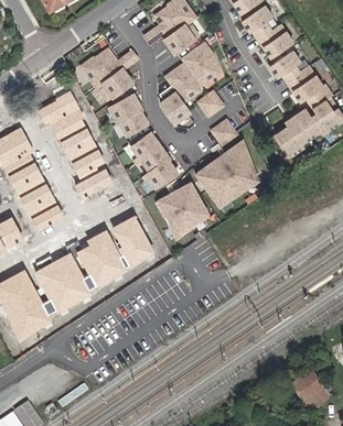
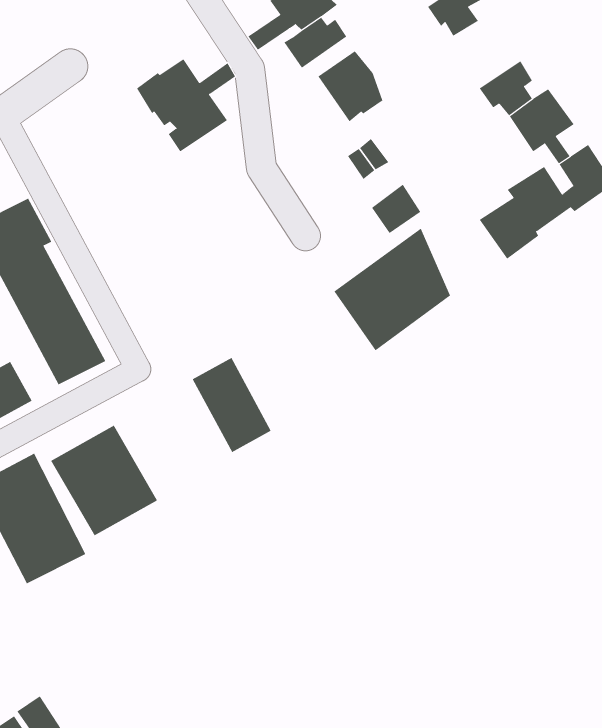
building: [256,23,292,56] -> none
building: [158,65,199,123] -> none
building: [35,91,112,198] -> none
building: [106,96,146,135] -> none
building: [129,133,175,189] -> none
building: [153,183,206,239] -> none
building: [75,226,133,292] -> none
building: [293,370,329,407] -> none

